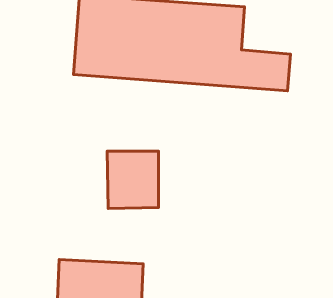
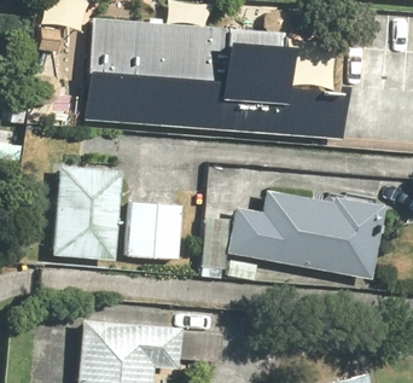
building: none -> [50,172,123,268]
building: none -> [233,196,384,283]

